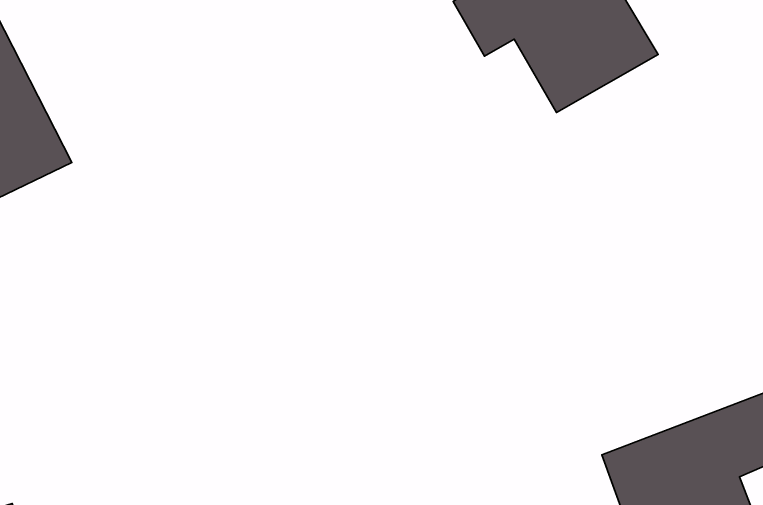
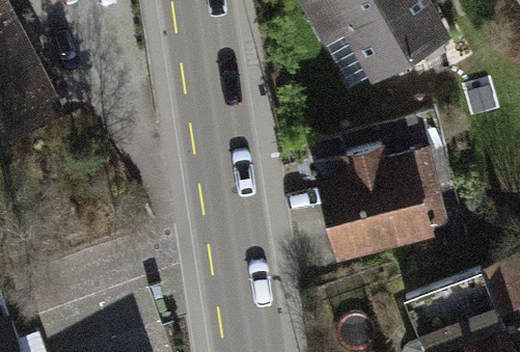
building: none -> [321,148,428,253]

